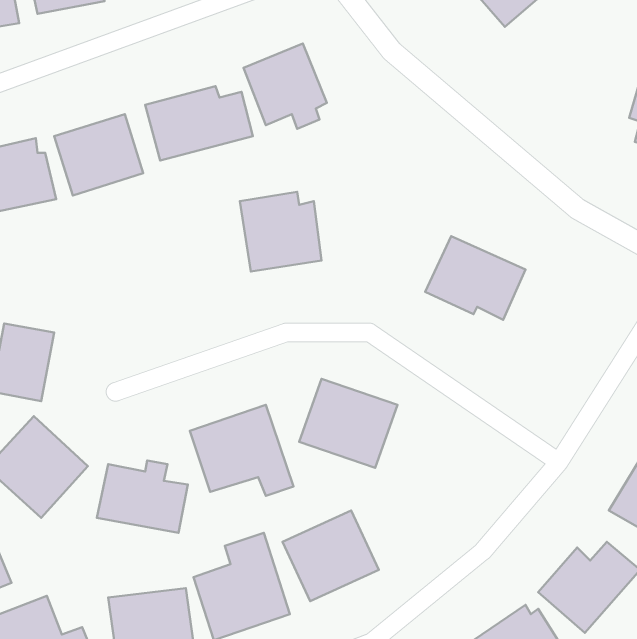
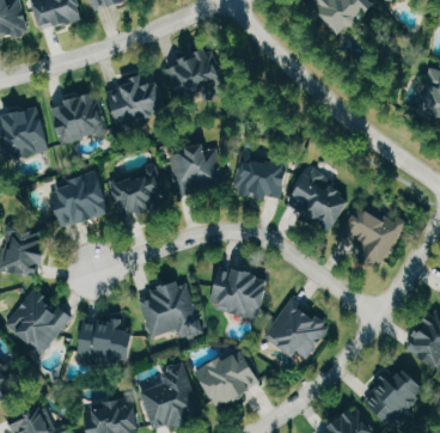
building: none -> [230,155,288,203]
building: none -> [111,173,165,217]
building: none -> [49,175,109,226]
building: none -> [340,201,402,268]
building: none -> [264,299,329,362]

